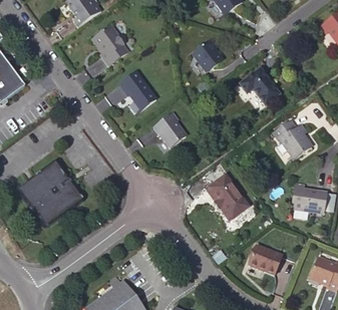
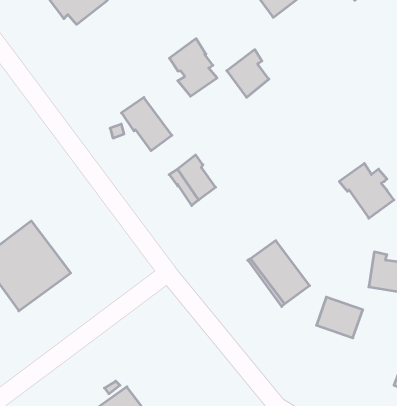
building: [89,25,123,66] -> [169,39,217,96]
building: [239,69,279,106] -> none
building: [250,245,283,274] -> [316,297,363,338]

